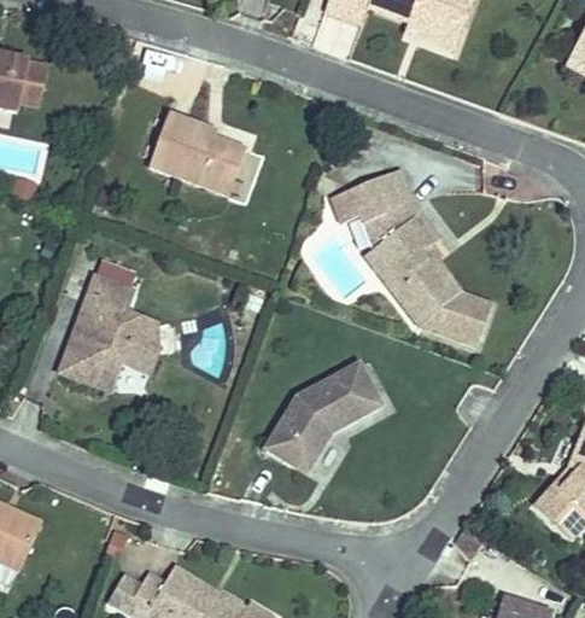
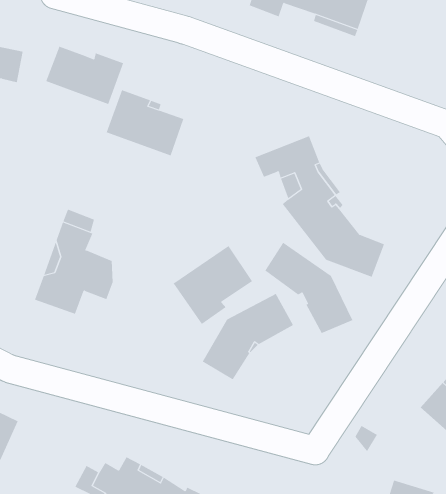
building: none -> [46,46,124,105]
building: none -> [264,242,353,334]
building: none -> [173,245,253,325]

